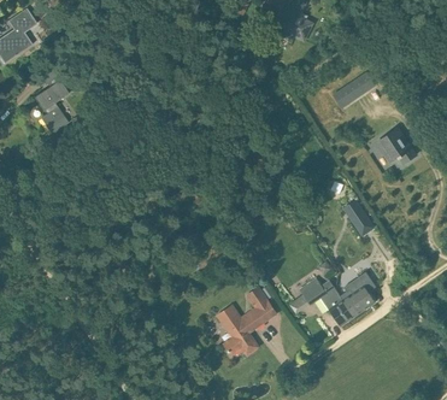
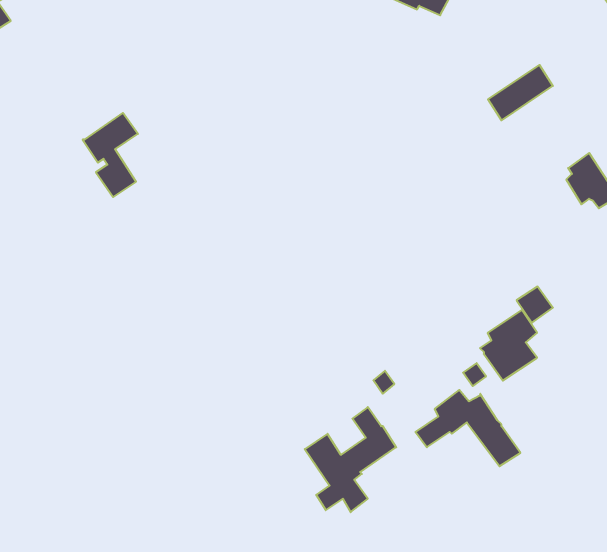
building: [34,80,69,133] -> [83,113,138,197]
building: [340,272,376,317] -> [480,310,537,381]

